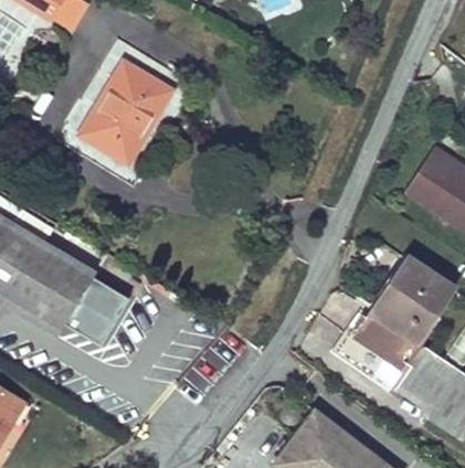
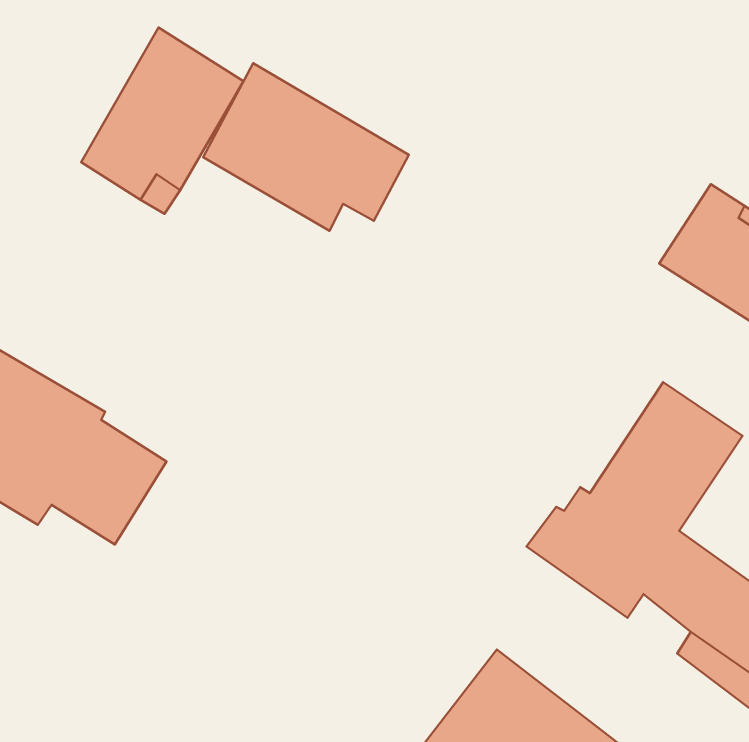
building: none -> [203,63,409,231]

